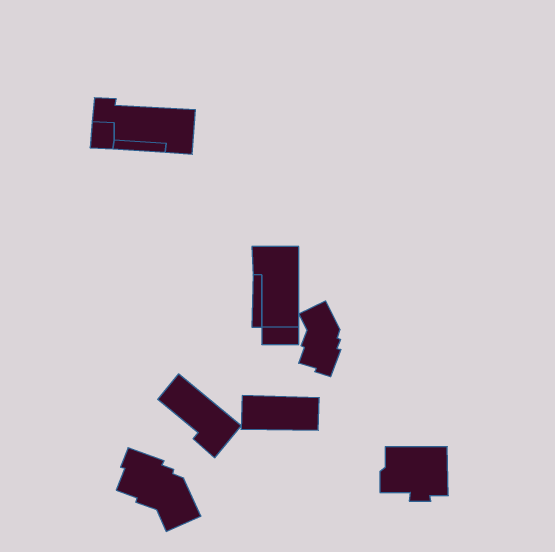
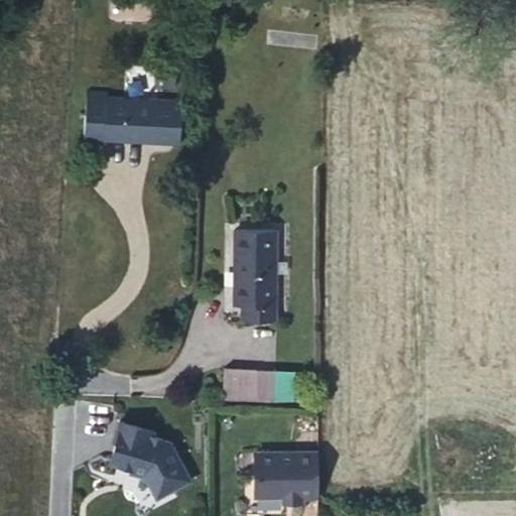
building: [299,301,341,377] -> none
building: [158,374,241,458] -> none
building: [380,447,448,501] -> [254,454,317,504]

